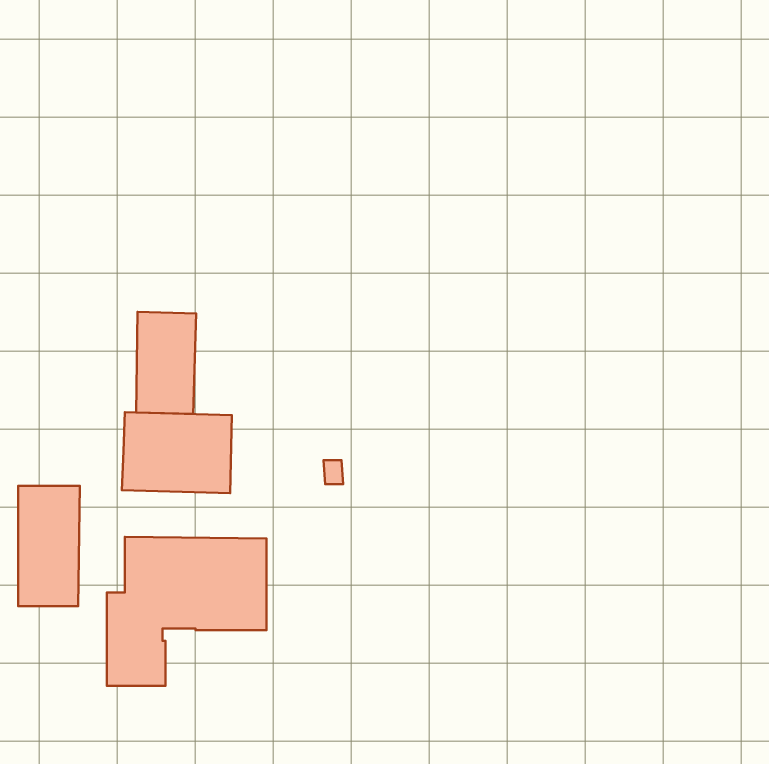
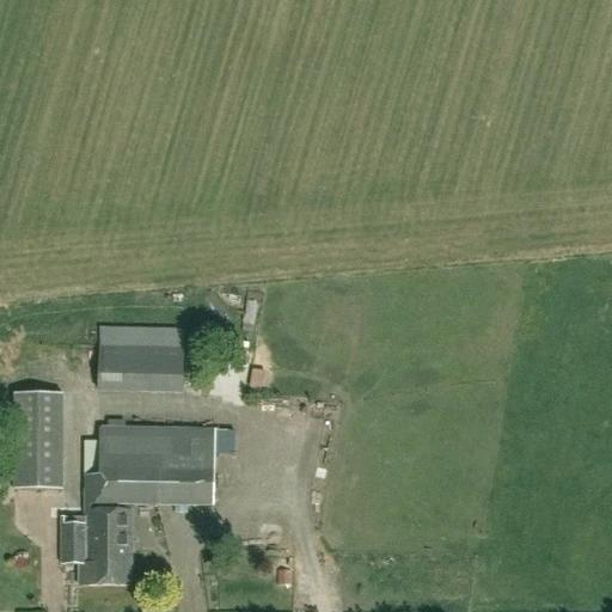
building: [136,312,196,414] -> none
building: none -> [61,516,131,583]

